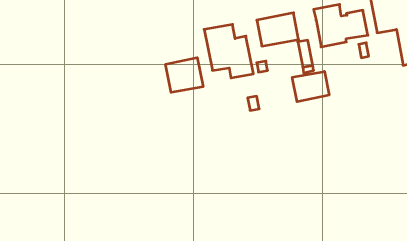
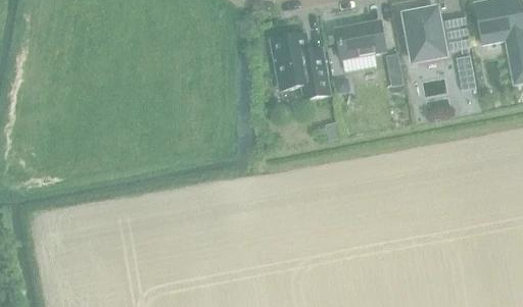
building: [166,58,203,92] -> none
building: [292,71,329,102] -> none

